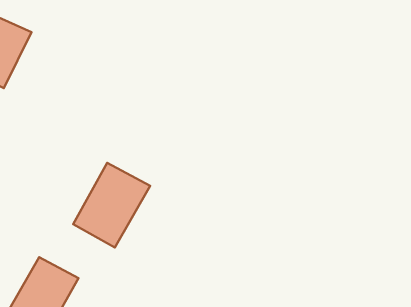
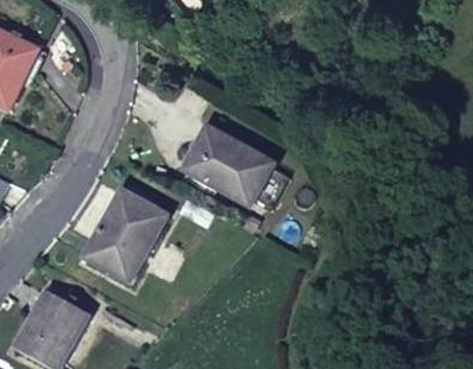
building: none -> [184,127,275,206]

